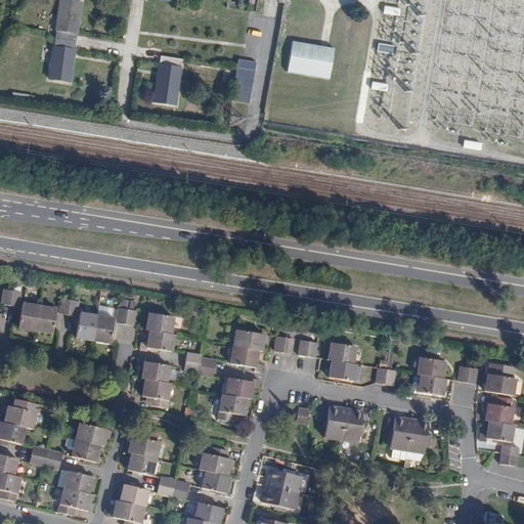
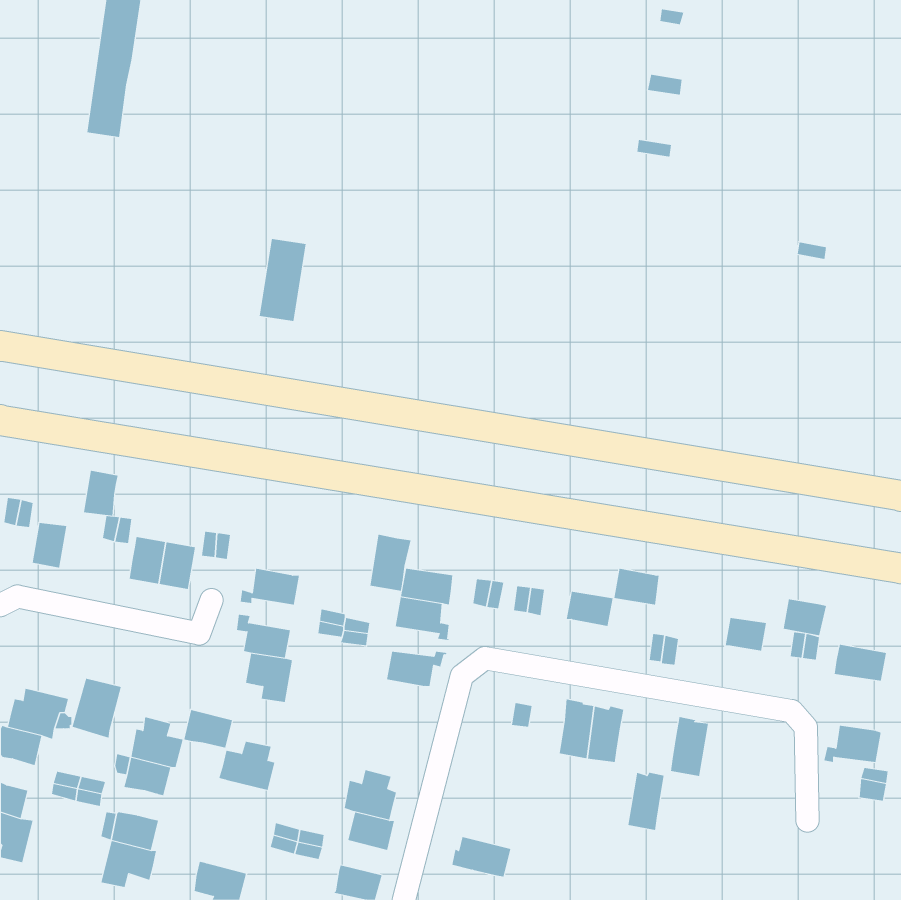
building: [287,40,334,79] -> none
building: [155,53,182,101] -> [259,238,307,321]
building: [233,62,257,105] -> none
building: [35,305,55,332] -> [83,470,118,516]
building: none -> [370,534,411,591]
building: [145,313,173,334] -> none
building: [329,359,355,381] -> [614,568,659,605]
building: [421,375,446,396] -> [783,599,827,636]
building: none -> [72,678,122,738]
building: [217,394,247,422] -> none
building: [484,398,513,424] -> none
building: [406,420,428,453] -> [628,772,665,830]
building: [127,452,156,475] -> [183,709,233,748]
building: [267,470,301,492] -> none
building: [120,483,147,507] -> none

